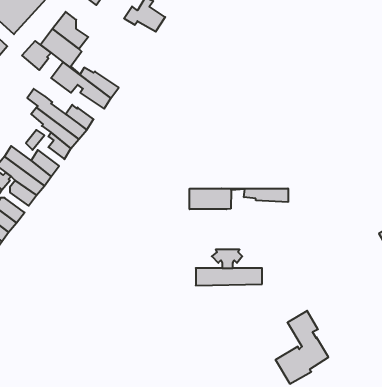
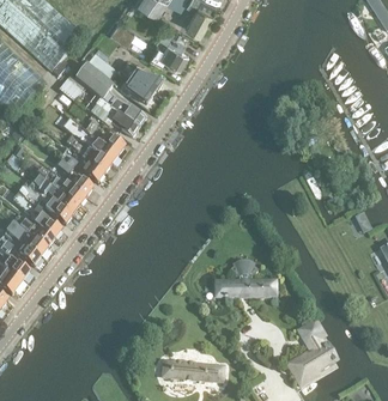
building: none -> [132,72,162,104]
building: [190,188,288,209] -> none
building: none -> [163,359,224,381]

